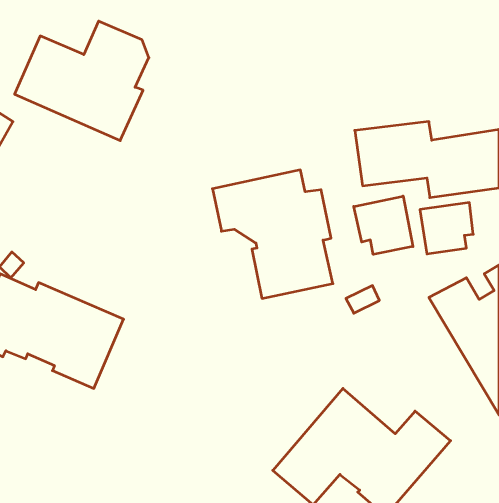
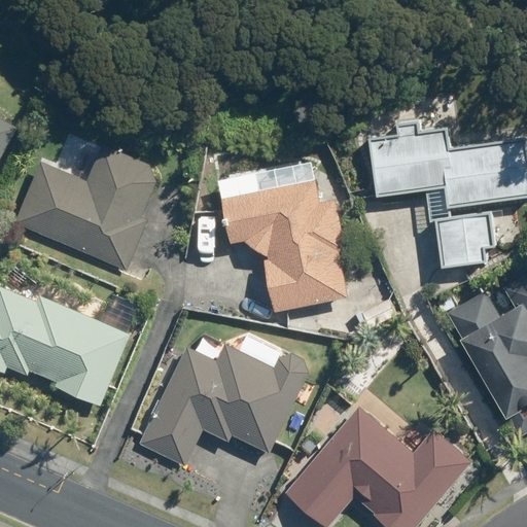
building: [15,21,149,141] -> [14,146,154,271]
building: [354,196,413,254] -> none
building: none -> [140,345,307,465]

